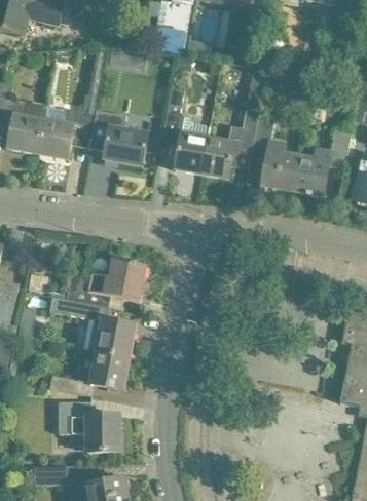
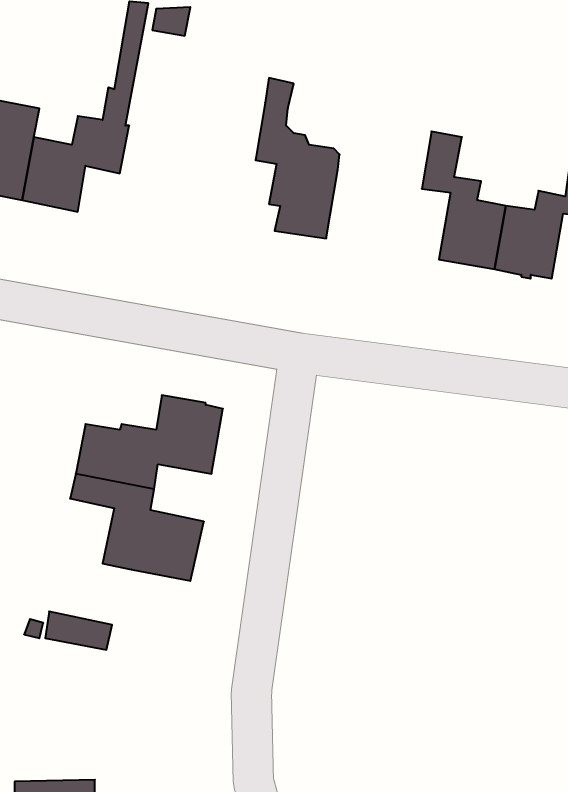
building: [201,68,265,179] -> none
building: [88,109,148,164] -> none
building: [90,351,129,389] -> none
building: [59,401,120,451] -> none

